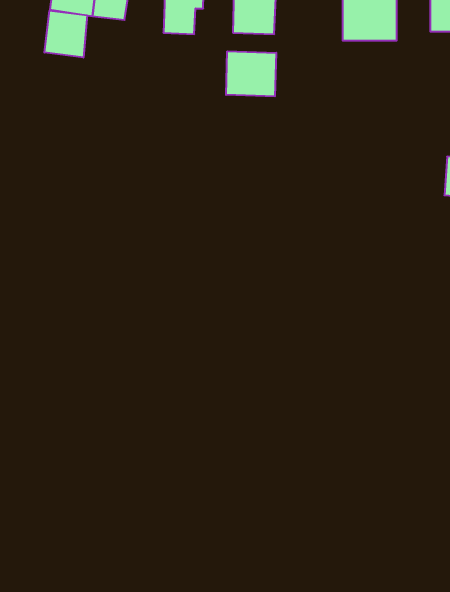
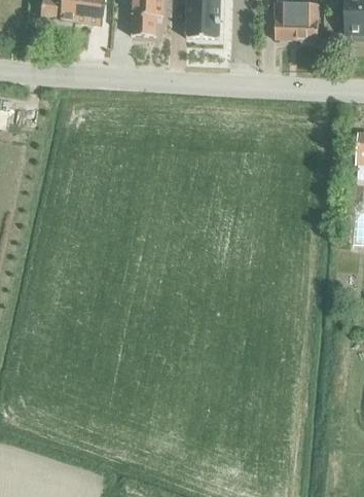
building: [44,11,87,58] -> none
building: [226,51,276,96] -> none

